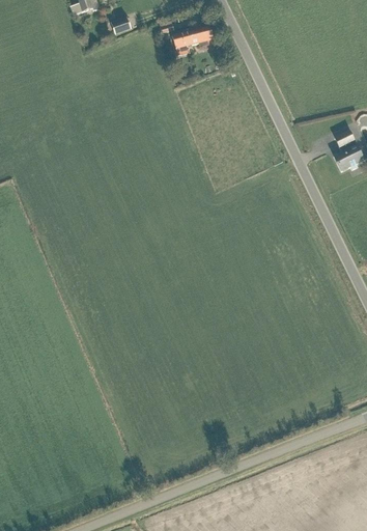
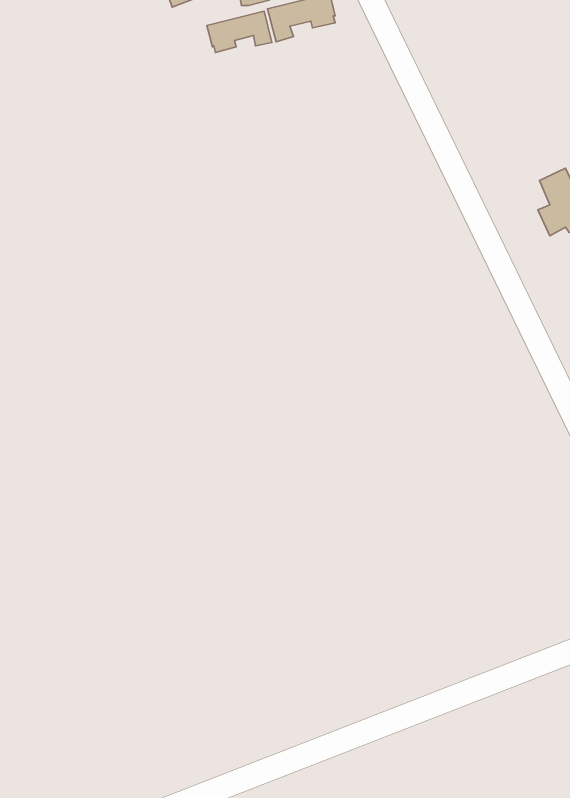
building: none -> [207,11,272,53]

